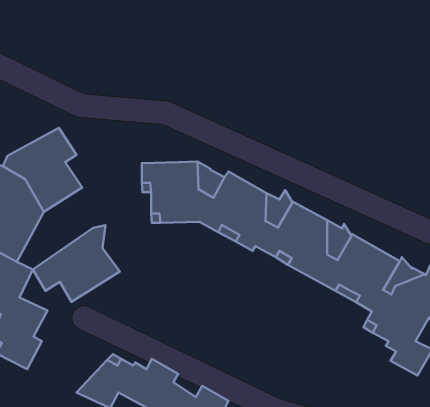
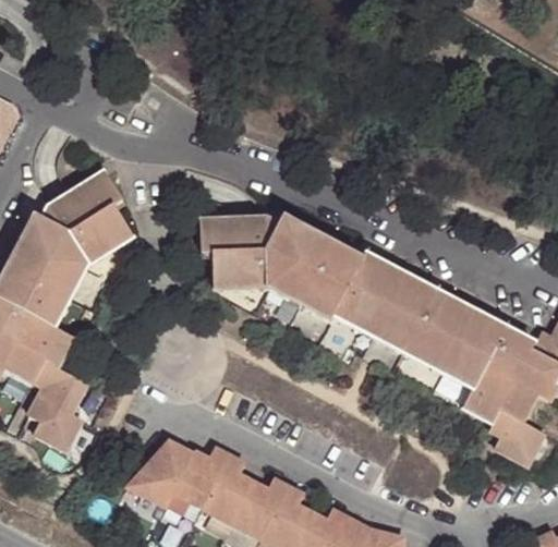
building: [33,225,120,302] -> none

